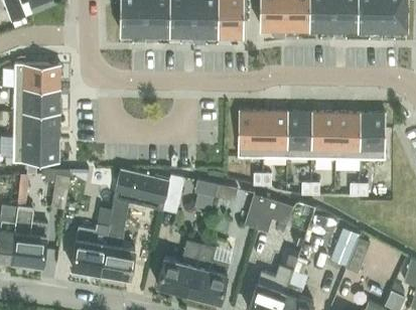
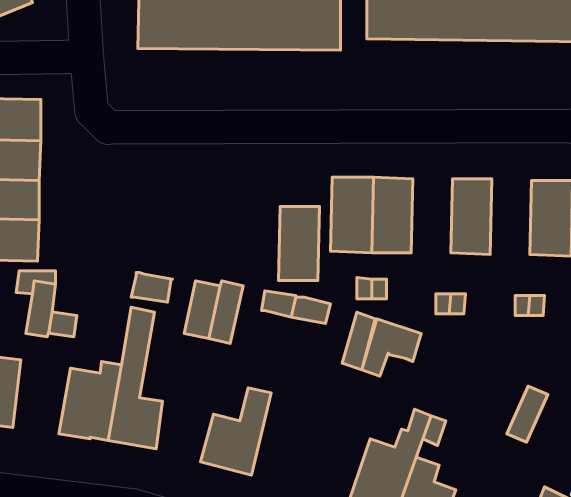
building: [286,113,311,158] -> [278,206,320,281]
building: [334,113,360,159] -> none
building: [329,229,359,267] -> none
building: [188,244,230,303] -> none

